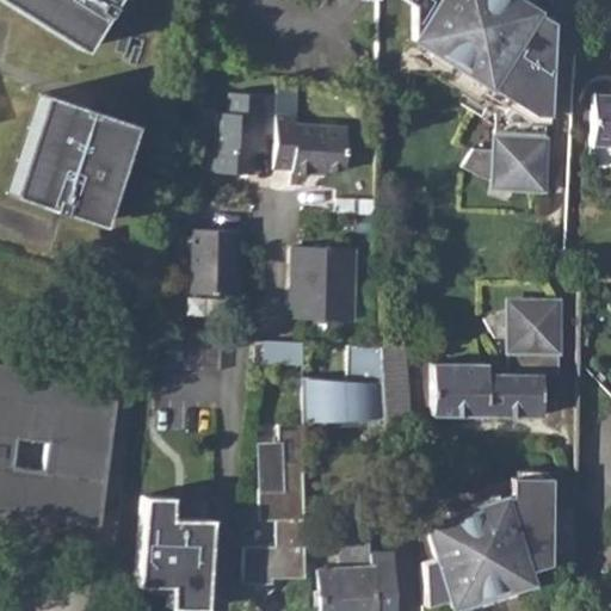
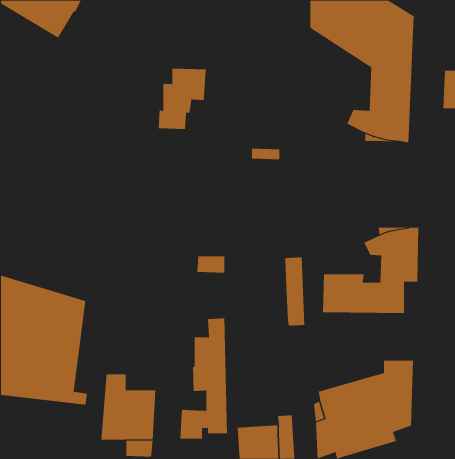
building: [277,85,377,172] -> none
building: [12,95,135,226] -> none
building: [193,227,242,292] -> none
building: [294,245,358,320] -> none
building: [304,344,387,428] -> none

